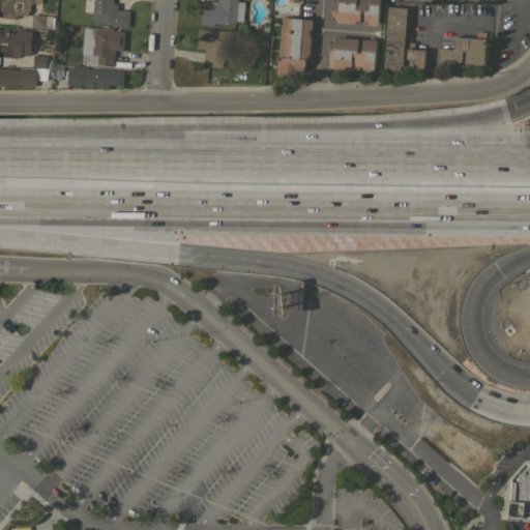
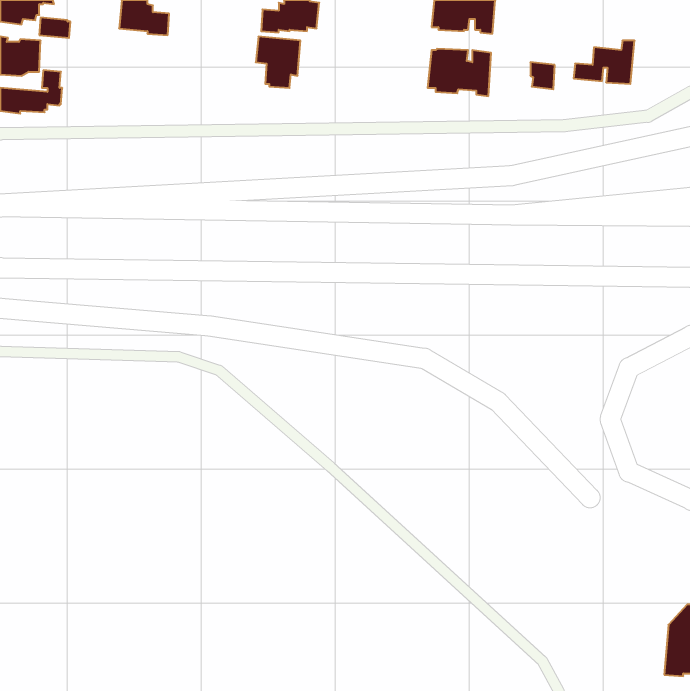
building: [384,6,408,71] -> none
building: [276,17,313,75] -> none
building: [91,28,125,65] -> none
building: [67,66,124,86] -> none

